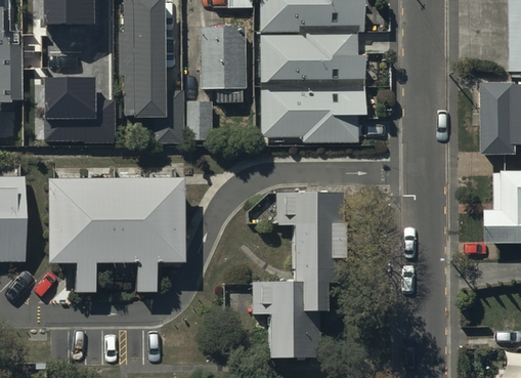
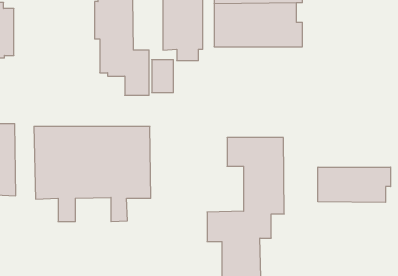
building: [44,73,116,140] -> none
building: [260,85,364,141] -> none
building: none -> [318,167,391,202]

